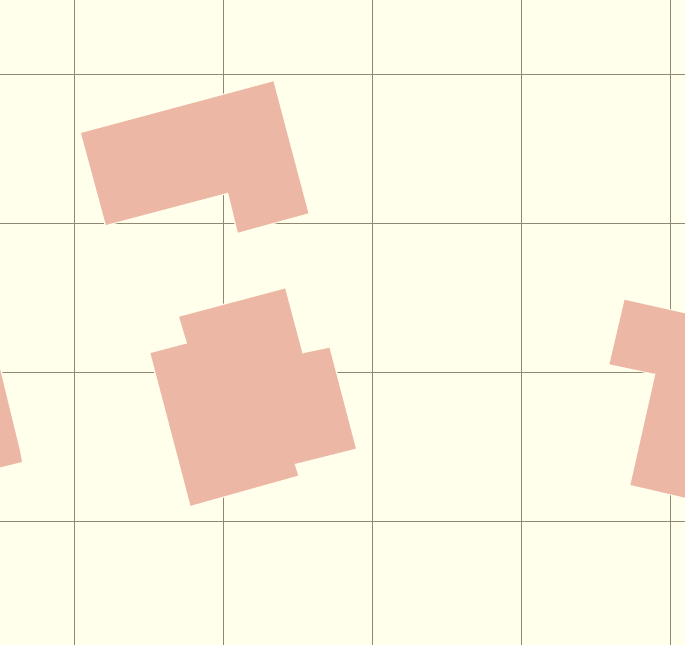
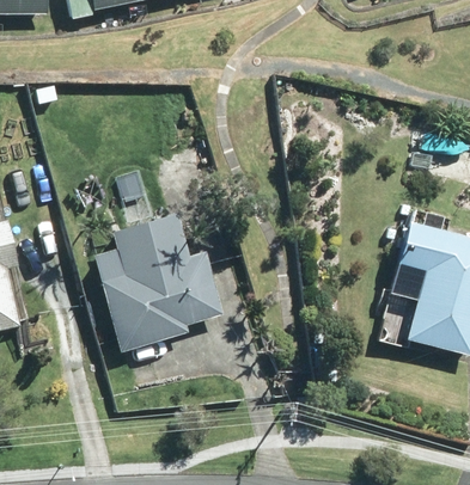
building: [80,81,309,234] -> none

